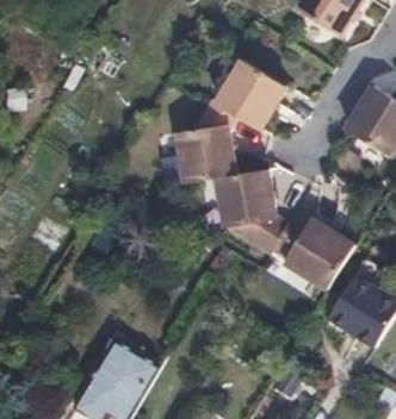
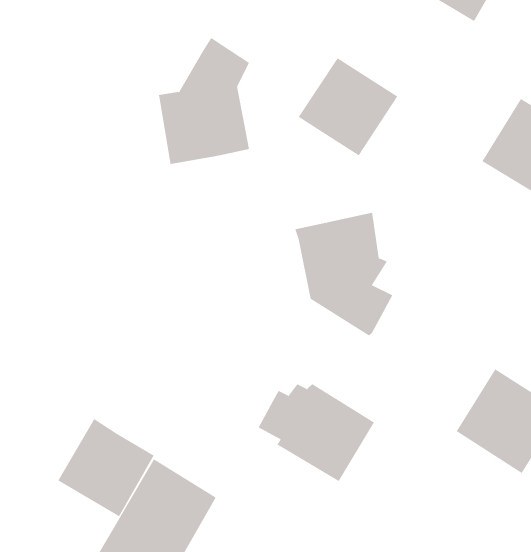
building: [173,95,237,185] -> [158,37,250,165]
building: [270,220,352,289] -> [258,383,375,482]
building: none -> [57,418,155,517]

